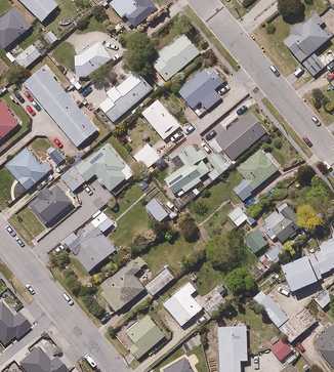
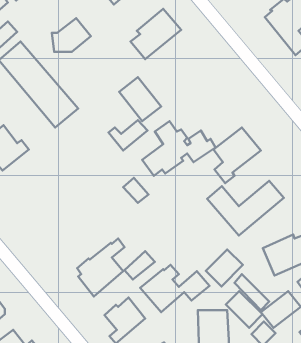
building: [177,68,226,112] -> none
building: [97,71,153,123] -> none
building: [214,110,266,160] -> none
building: [60,138,129,194] -> none
building: [30,183,73,222] -> none
building: [59,216,116,273] -> none
building: none -> [206,249,243,286]
building: none -> [226,291,262,328]

